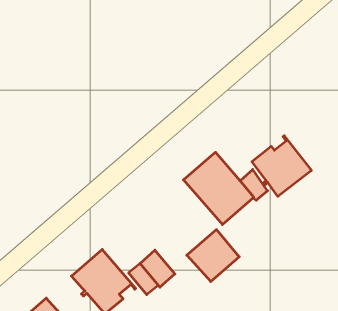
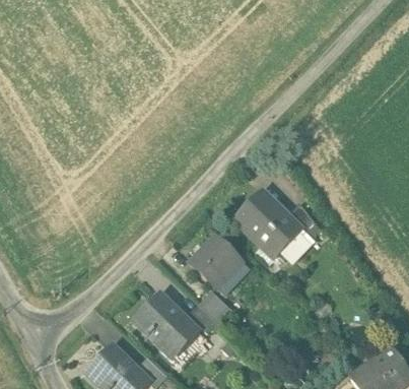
building: [252,136,311,196] -> none
building: [187,230,239,282] -> [191,237,242,287]

